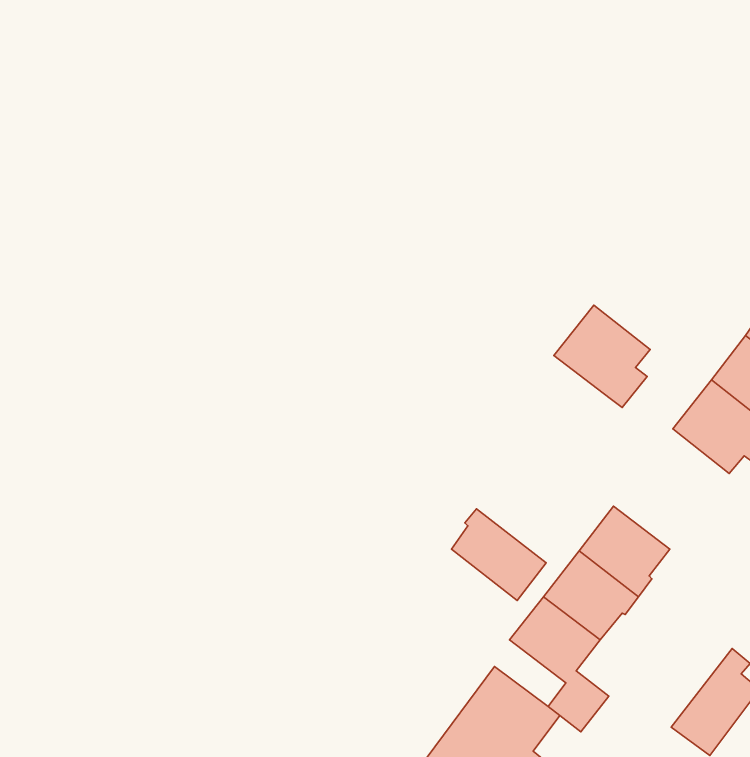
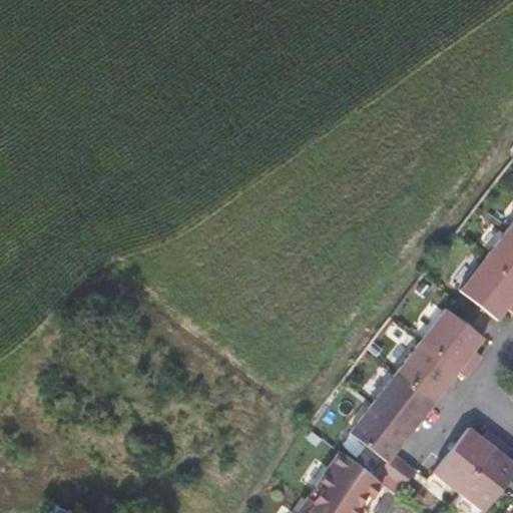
building: [554,305,650,408] -> [420,309,485,378]
building: [451,509,546,600] -> none
building: none -> [434,428,500,492]

